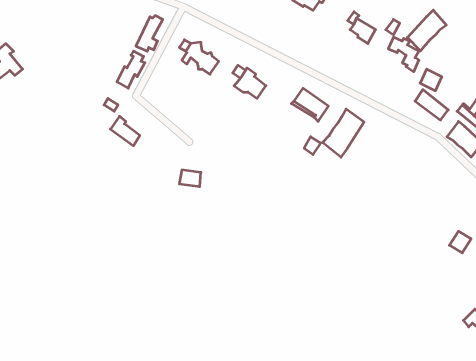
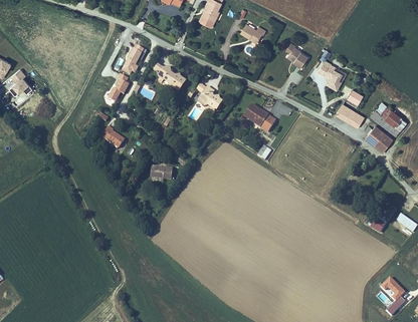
building: [407,10,446,51] -> none
building: [323,109,364,157] -> none

